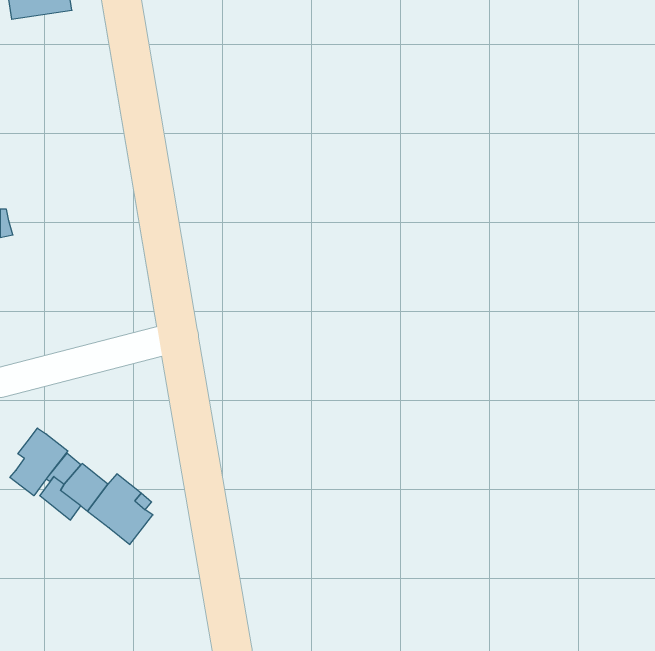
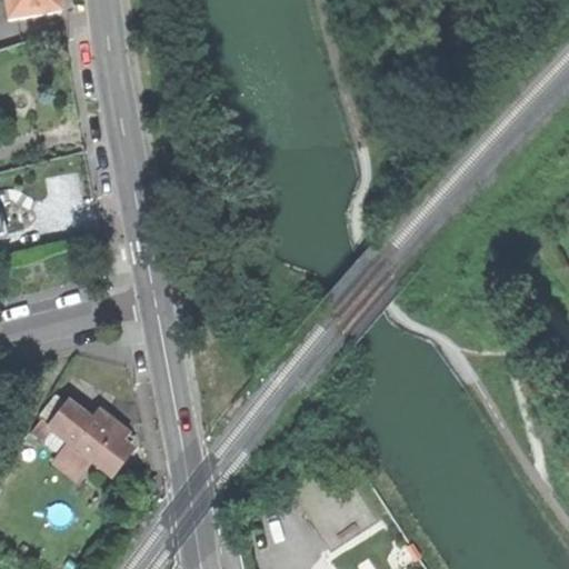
building: [10,428,68,496] -> none
building: none -> [57,438,96,483]

